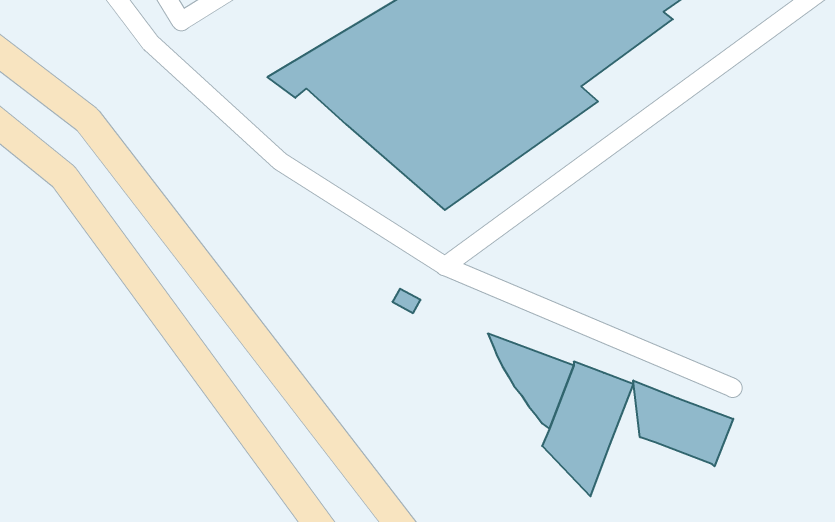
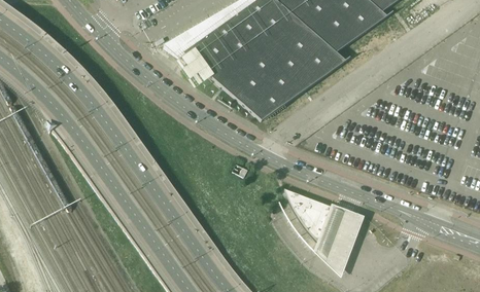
building: [633,380,733,466] -> none

